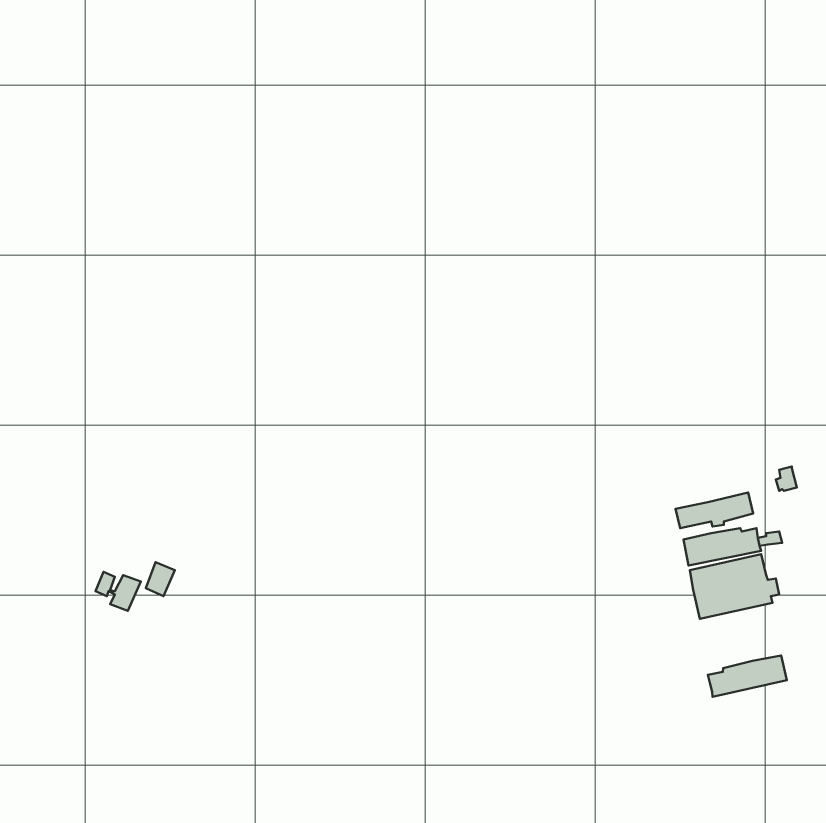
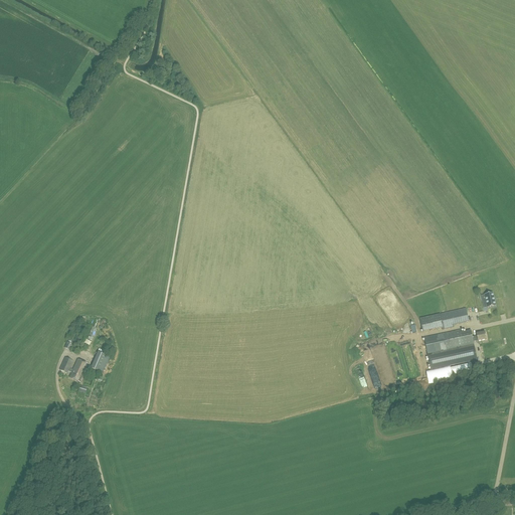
building: [708,655,787,697] -> none

